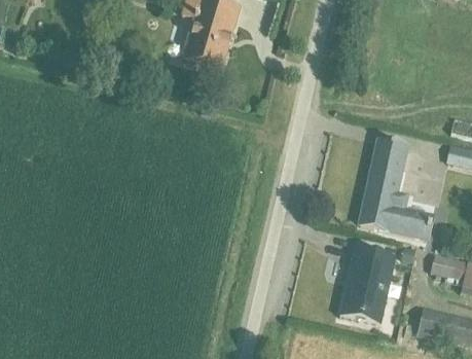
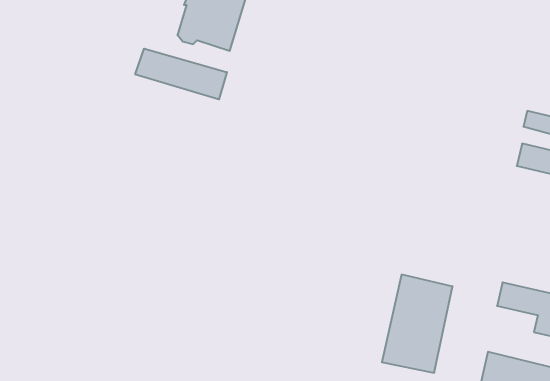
building: none -> [135,49,227,99]
building: [360,140,434,240] -> none

